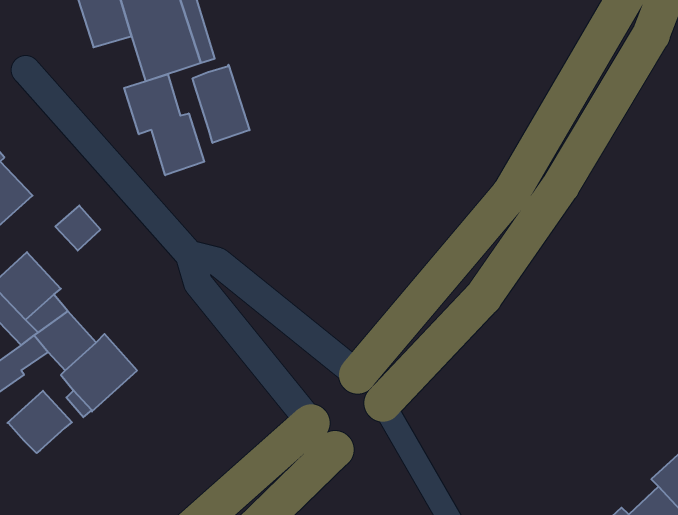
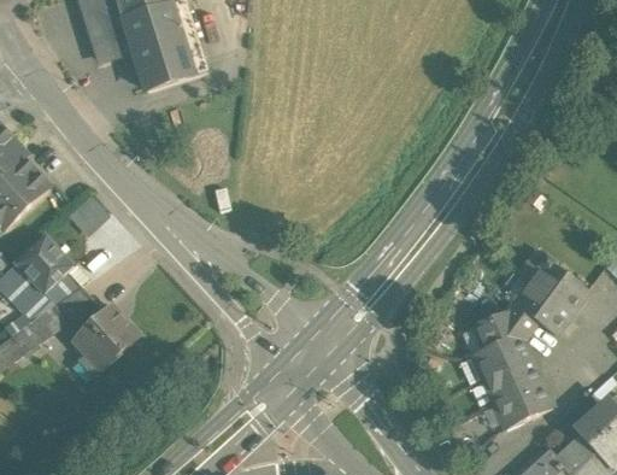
building: [193,65,250,143] -> none
building: [124,74,204,175] -> none
building: none -> [472,254,586,428]
building: [7,391,72,453] -> none

